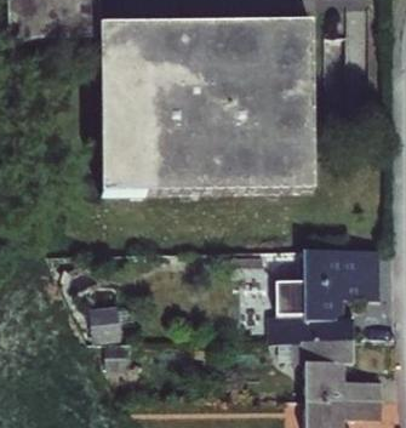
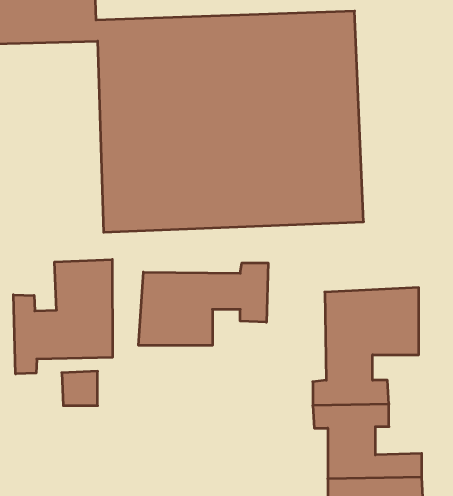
building: none -> [13,259,112,374]
building: none -> [139,263,268,345]

